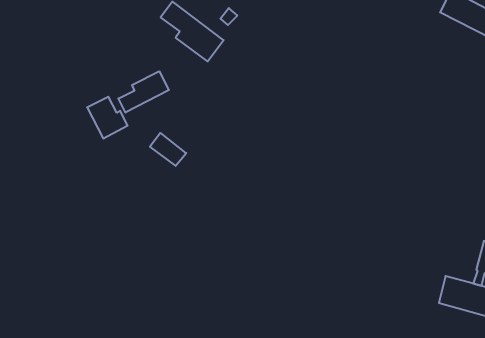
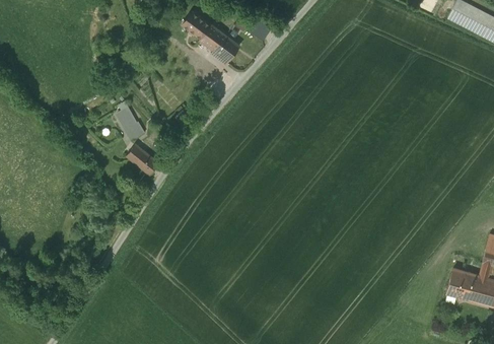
building: [118,71,169,113] -> none
building: [150,133,186,166] -> [128,142,162,174]

